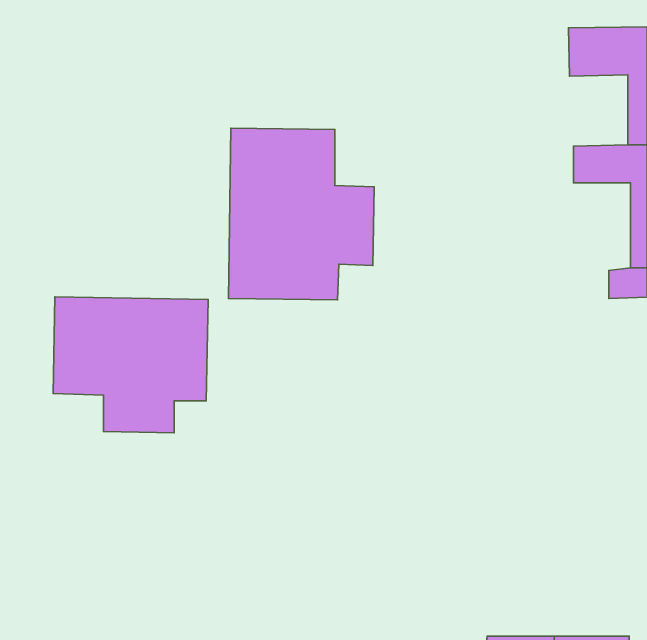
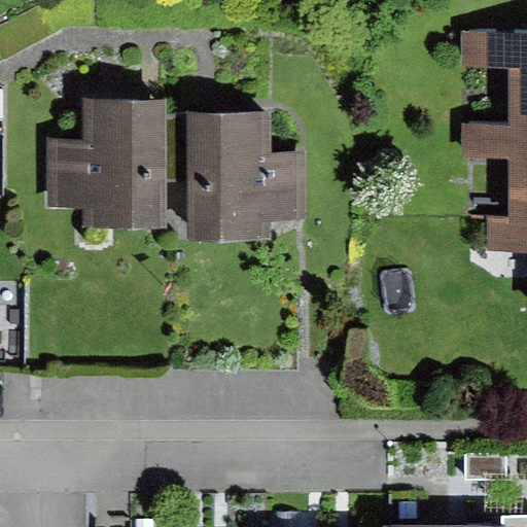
building: none -> [50,99,167,229]
building: [53,297,208,433] -> none

